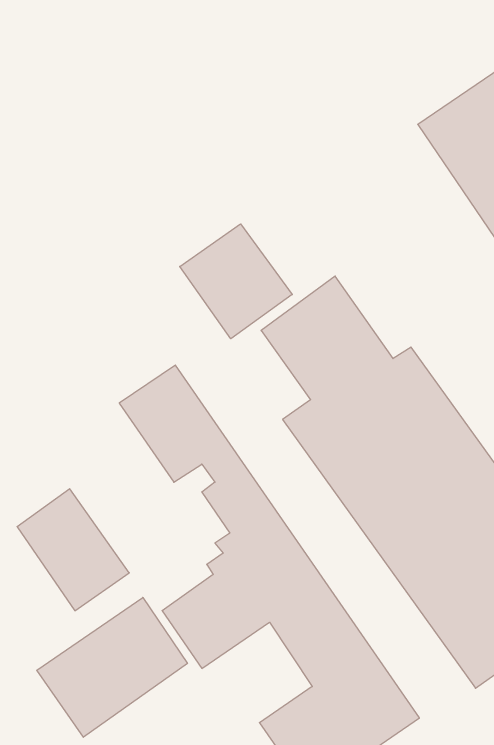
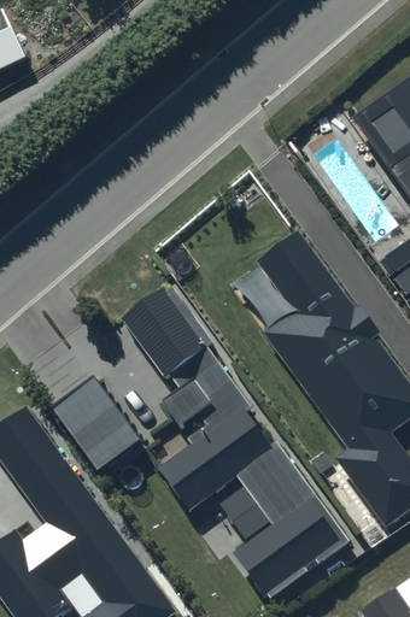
building: [180,224,292,339] -> none
building: [37,597,187,737] -> none

